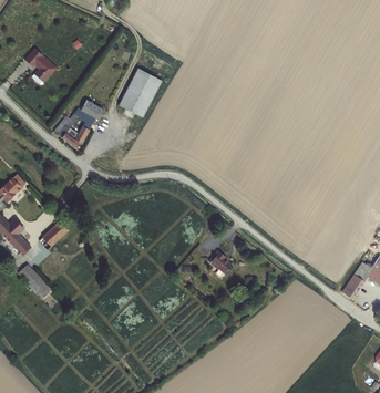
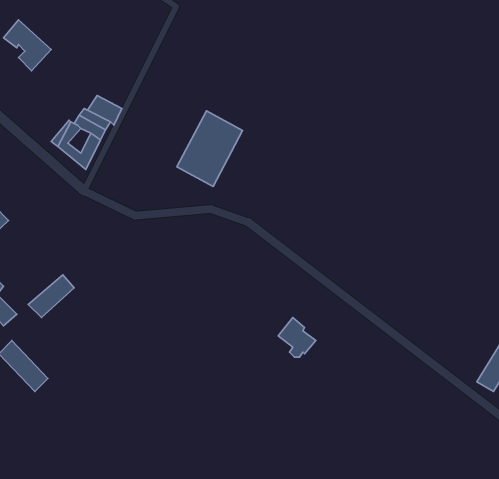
building: [119,66,163,117] -> [177,111,243,186]

